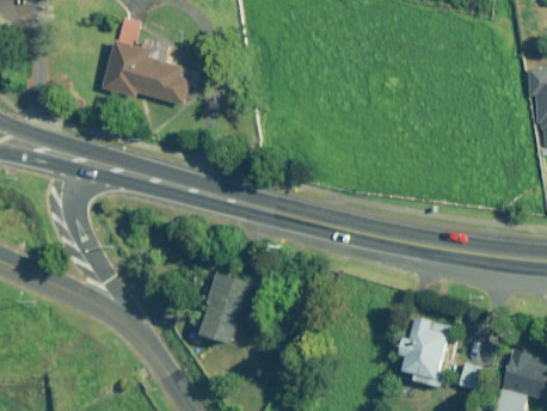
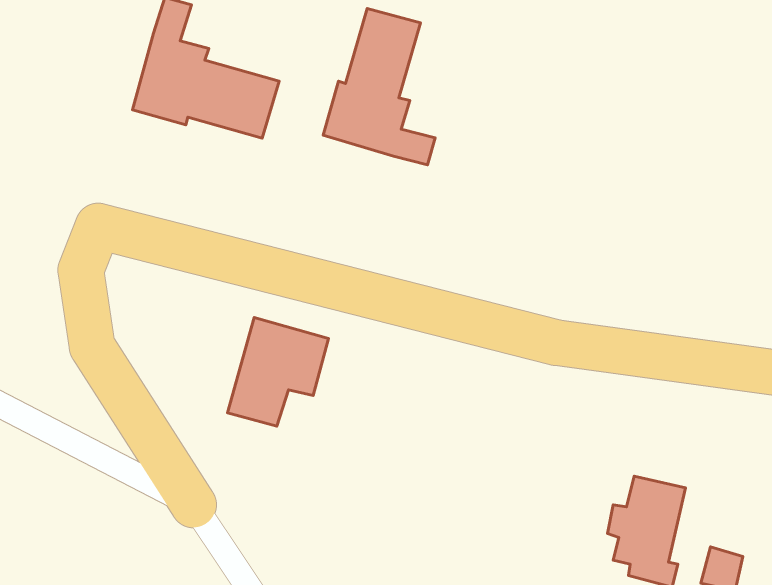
building: none -> [323,8,435,165]
building: [201,275,264,343] -> [227,317,328,426]

